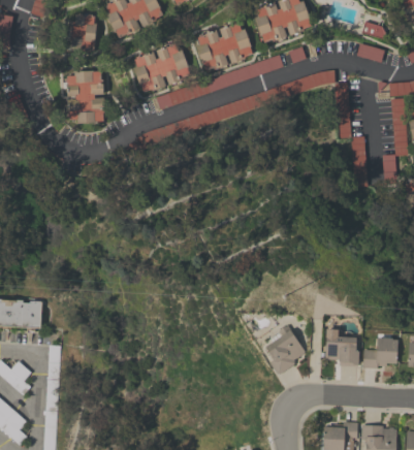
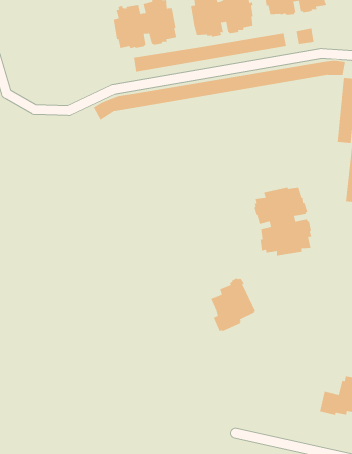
building: [64,70,105,124] -> none
building: none -> [253,186,312,257]
building: [264,325,305,374] -> [210,277,256,332]
building: [321,329,359,365] -> none

